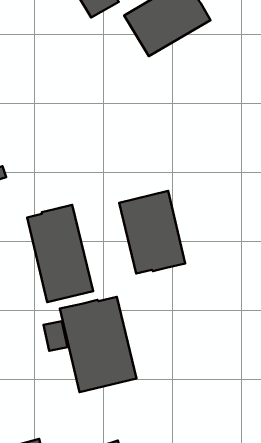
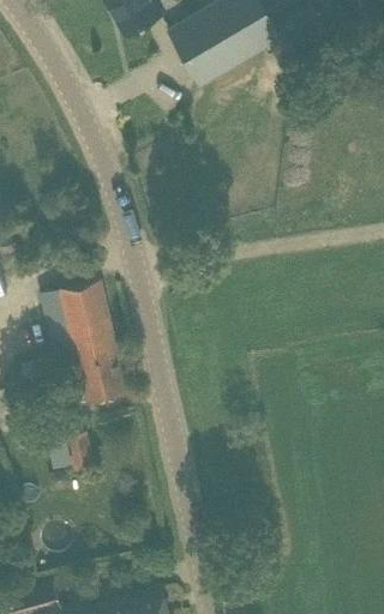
building: [119,191,185,274] -> none
building: [60,297,137,392] -> none

